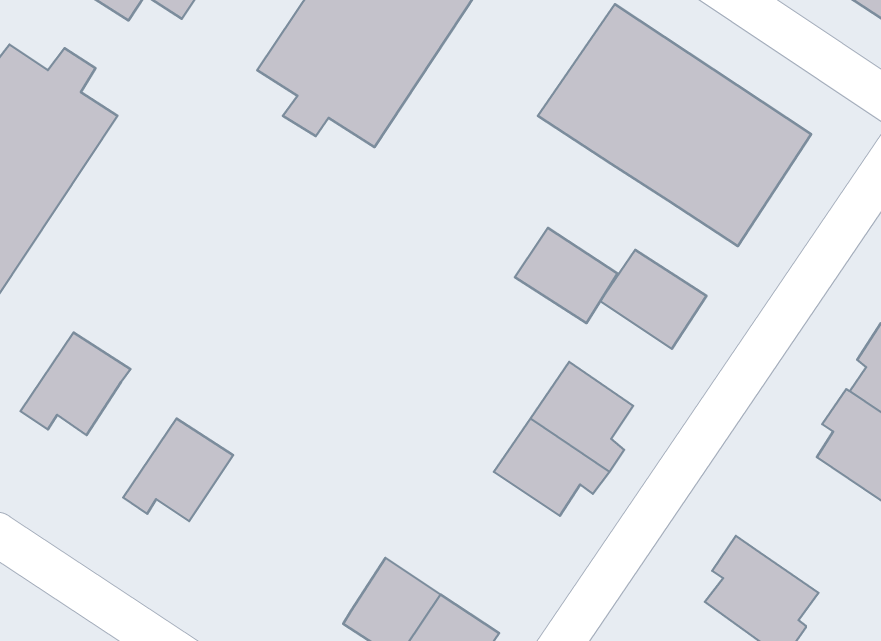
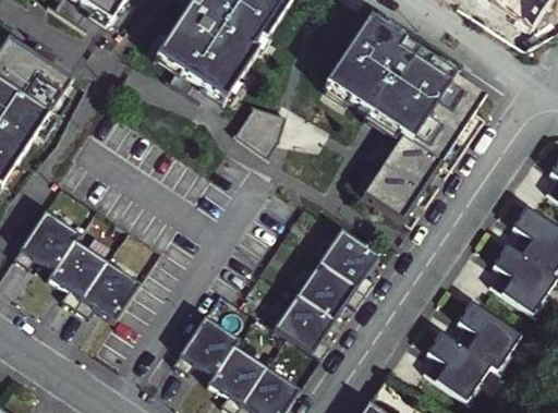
building: none -> [228,112,279,163]
building: [515,228,618,323] -> [380,131,441,187]
building: none -> [50,239,108,307]
building: none -> [274,292,336,357]
building: none -> [454,300,521,373]
building: none -> [172,314,238,375]

